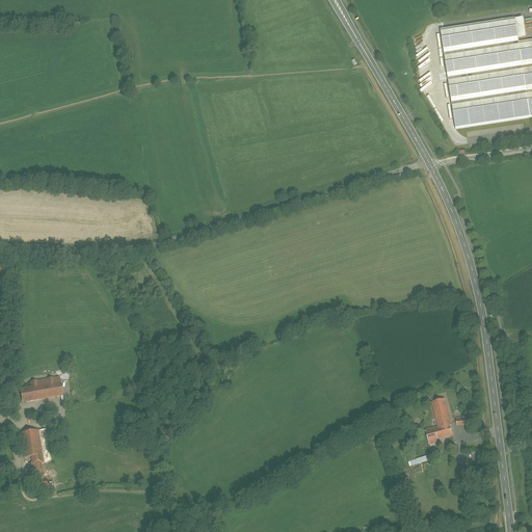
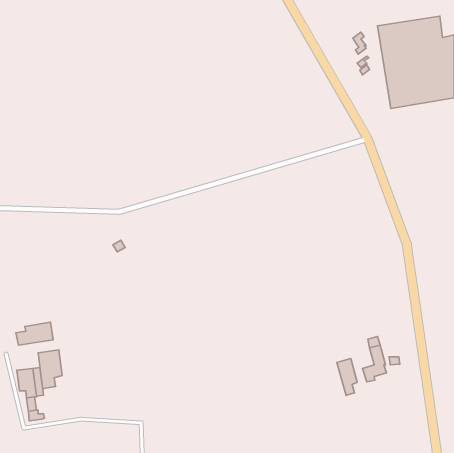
building: none -> [38,350,62,389]
building: none -> [337,358,357,396]

